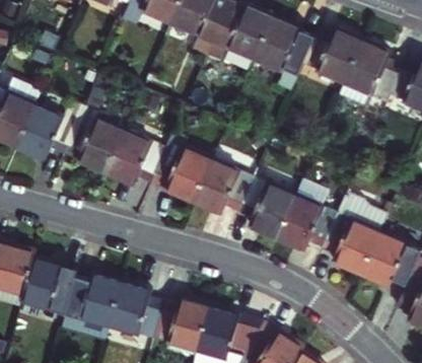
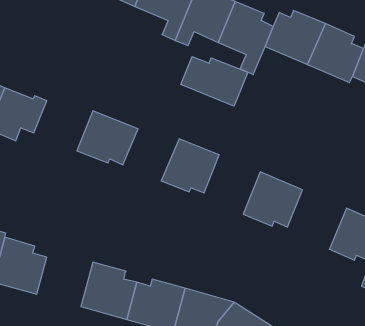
building: none -> [181,57,248,106]
building: [64,118,124,170] -> none
building: [154,148,211,201] -> none
building: [236,174,293,234] -> none
building: [321,210,380,270] -> none
building: [63,274,124,342] -> none

